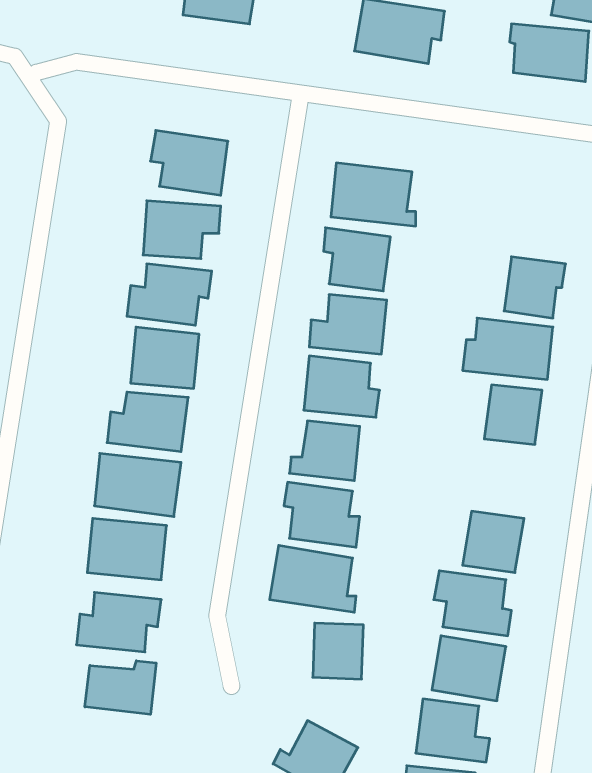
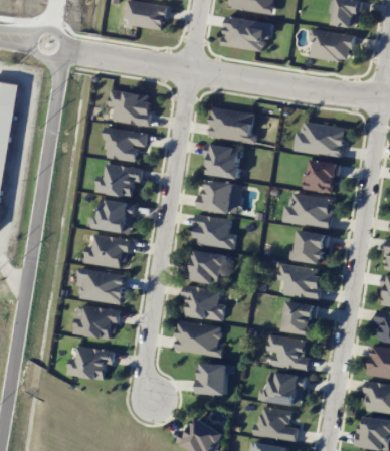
building: none -> [292,121,345,158]
building: none -> [277,263,320,298]
building: [85,661,156,714] -> none

